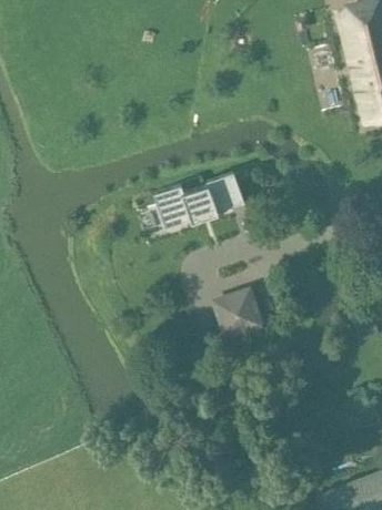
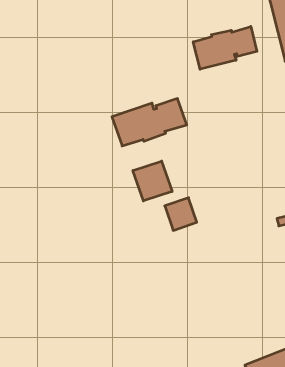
building: none -> [193,26,257,69]
building: none -> [133,161,172,201]

